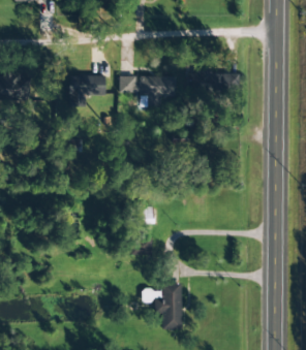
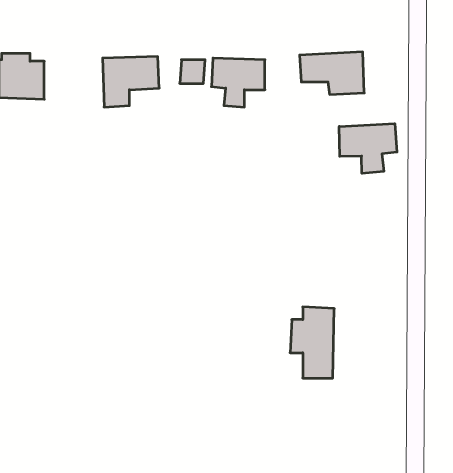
building: none -> [339,124,397,173]
building: [153,282,182,328] -> [290,307,334,378]

